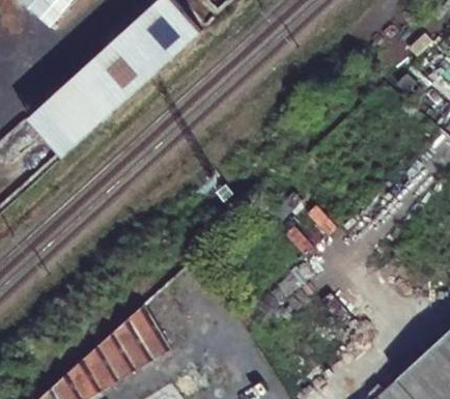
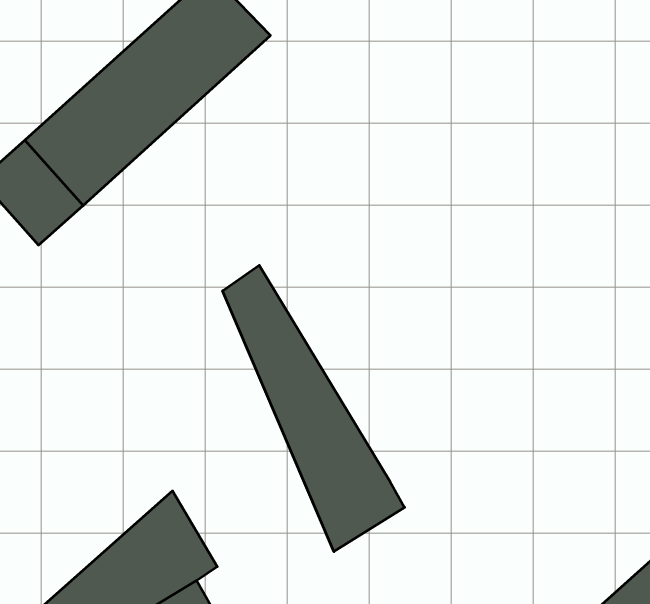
building: none -> [223,265,405,552]

